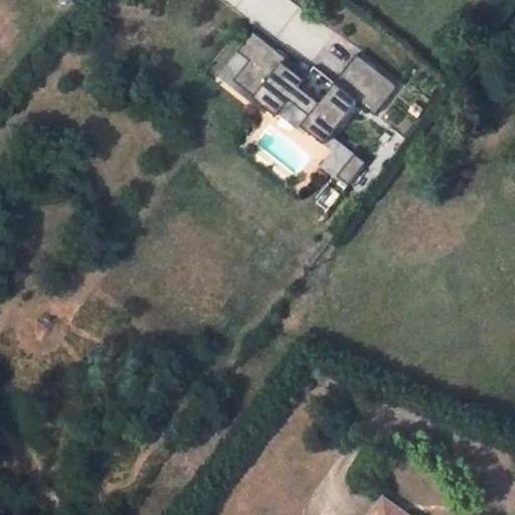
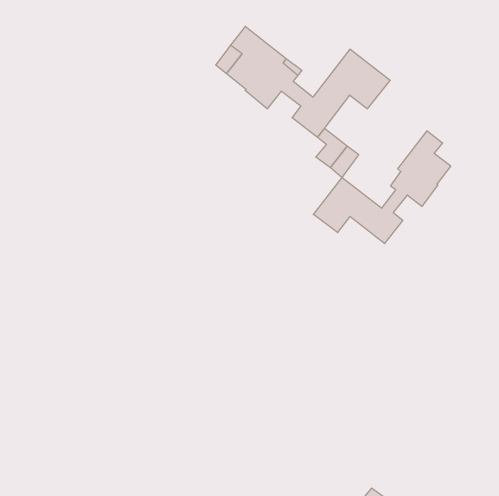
building: none -> [313,131,451,244]

